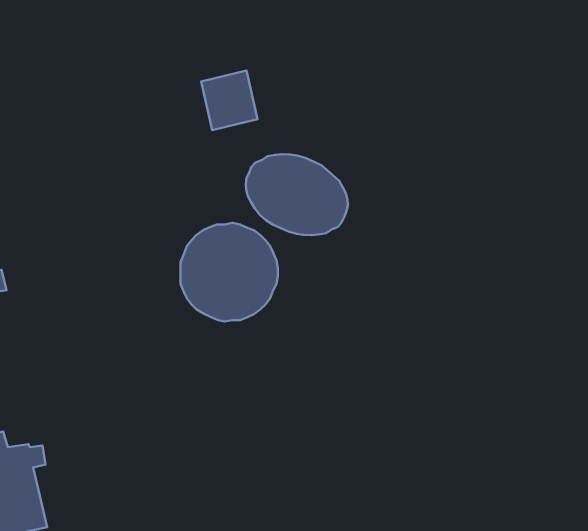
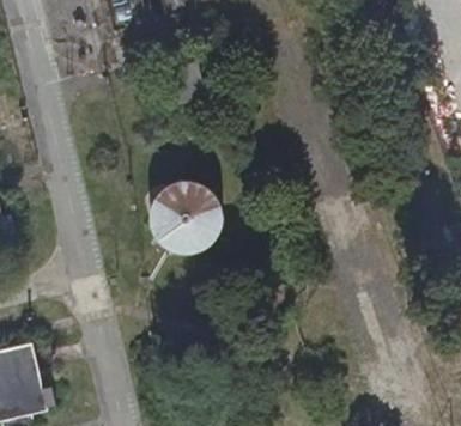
building: [246,154,348,235] -> none

